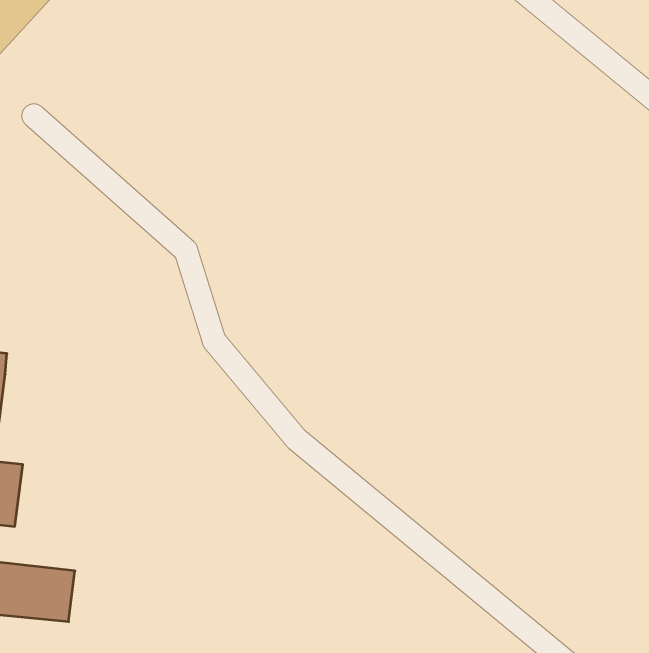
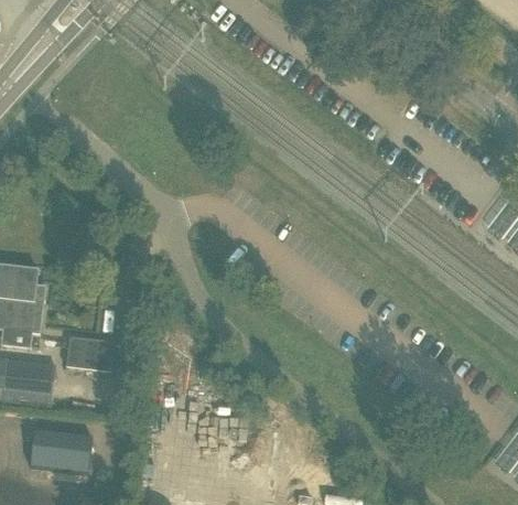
building: none -> [65,336,112,369]

